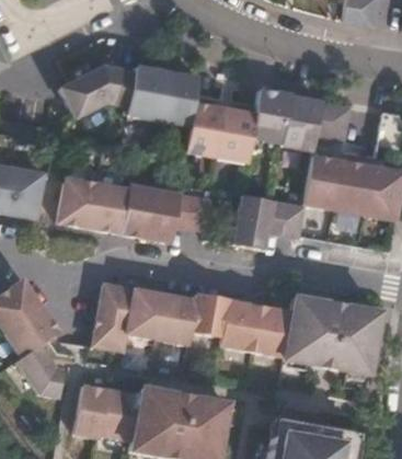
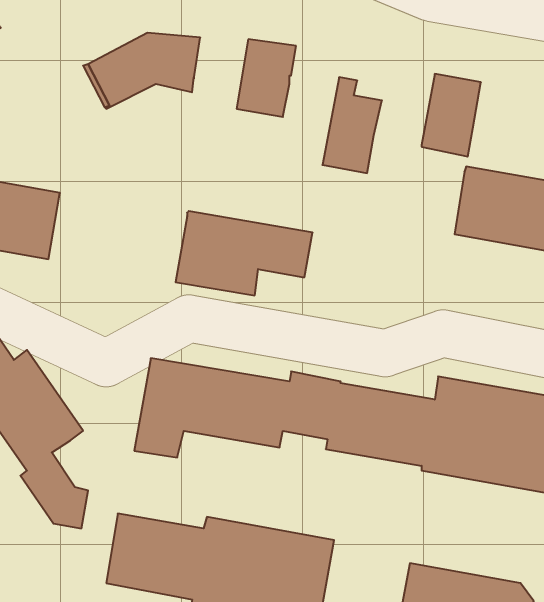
building: [128,67,168,119] -> none
building: [251,89,291,144] -> none
building: [186,96,228,157] -> none
building: [317,102,352,138] -> none
building: [56,179,127,234] -> none
building: [234,196,305,250] -> none

